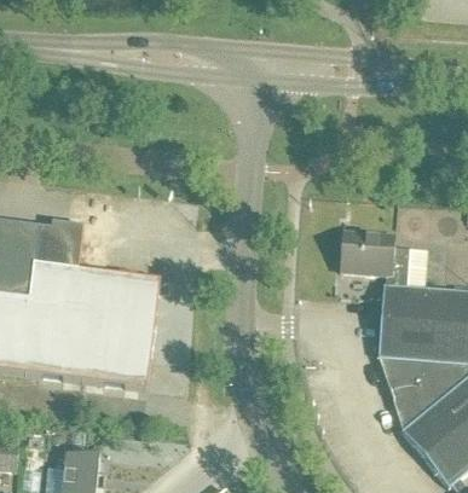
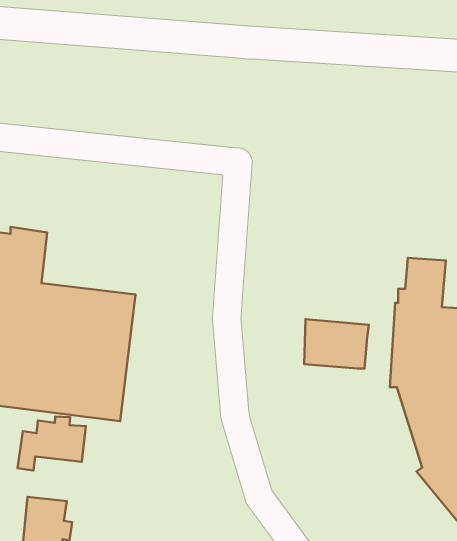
building: [337,230,393,272] -> [304,319,369,368]
building: none -> [18,416,86,470]

